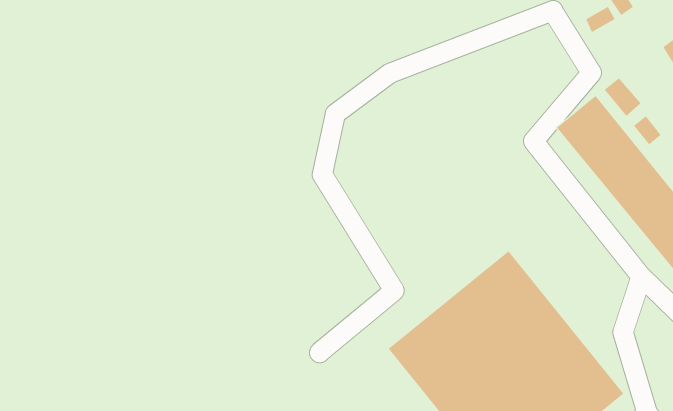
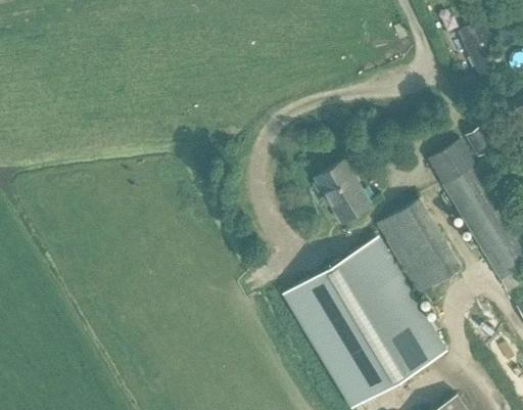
building: none -> [315,160,371,220]
building: none -> [380,197,462,290]

